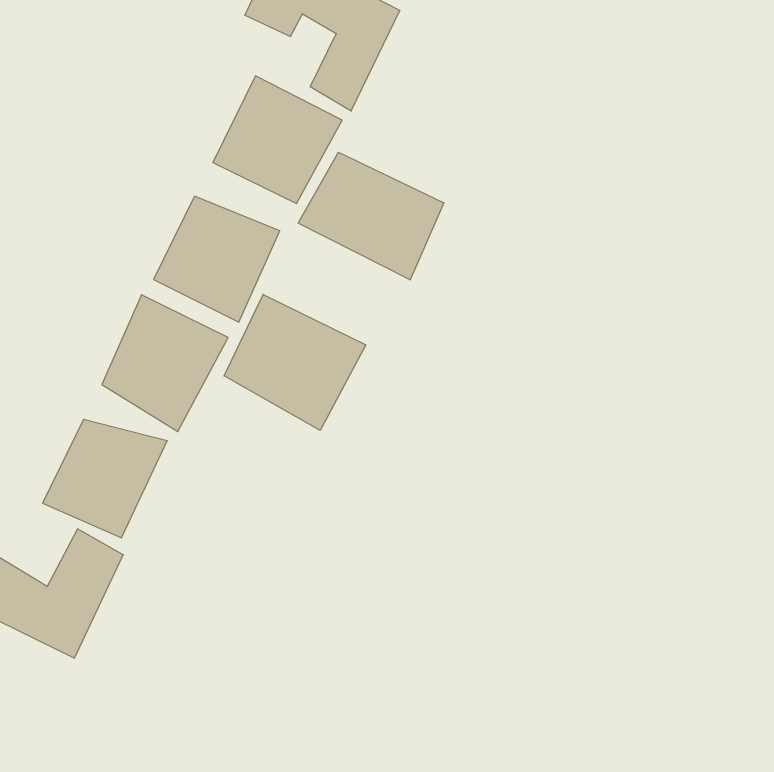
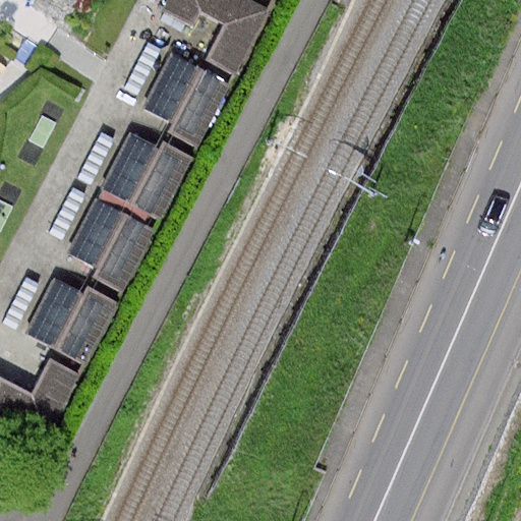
building: [298,152,444,280] -> none
building: [224,294,366,430] -> none

